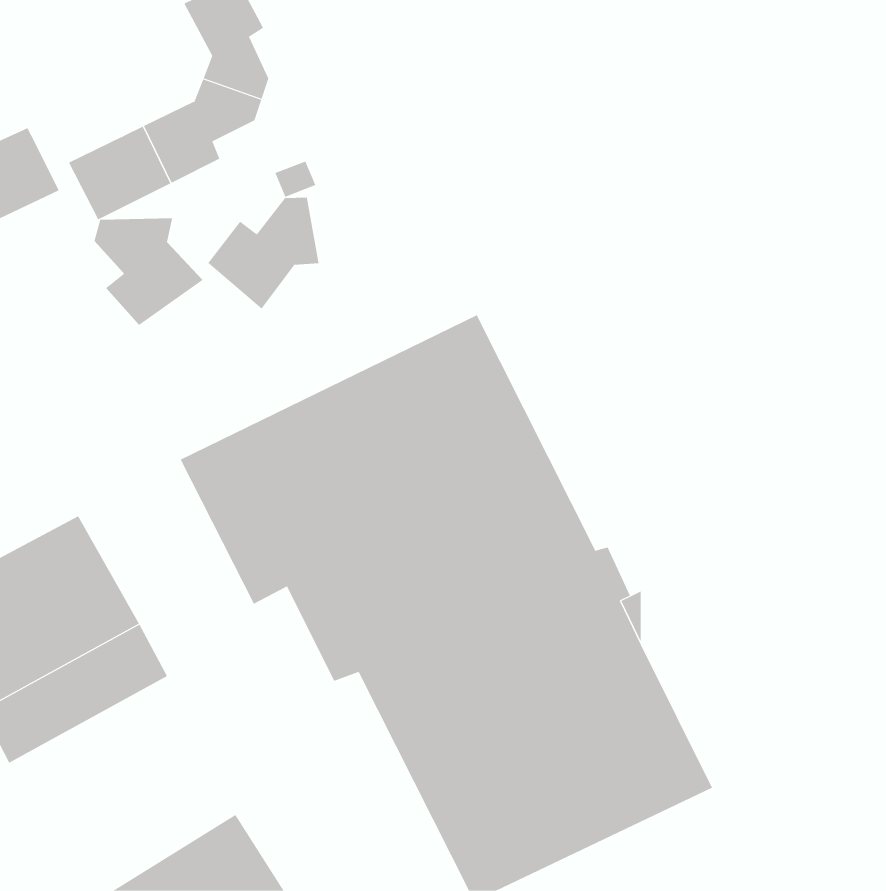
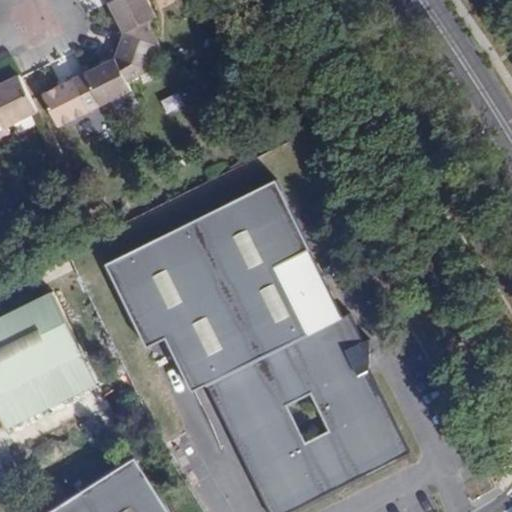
building: [207,197,319,310] -> none
building: [94,218,204,326] -> none

